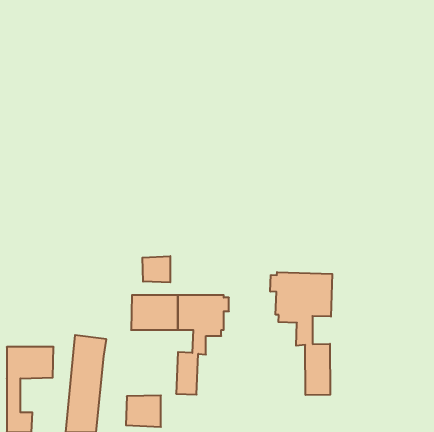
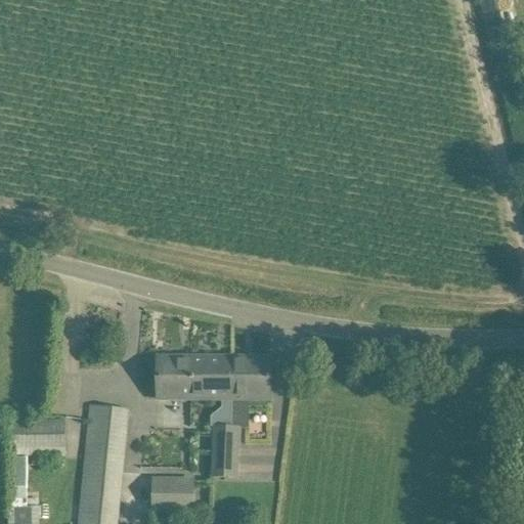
building: [142,256,170,282] -> none
building: [270,272,332,395] -> none

